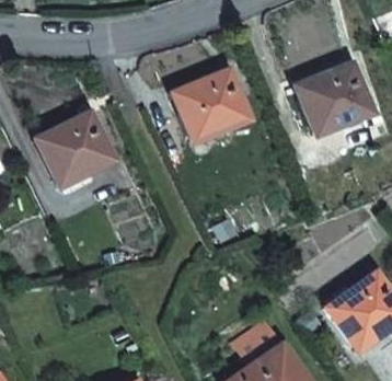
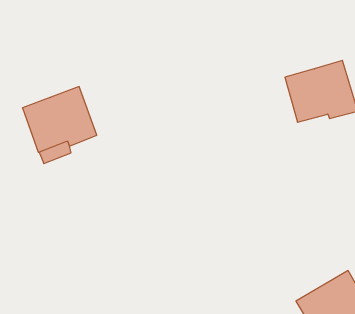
building: [174,69,250,137] -> none

